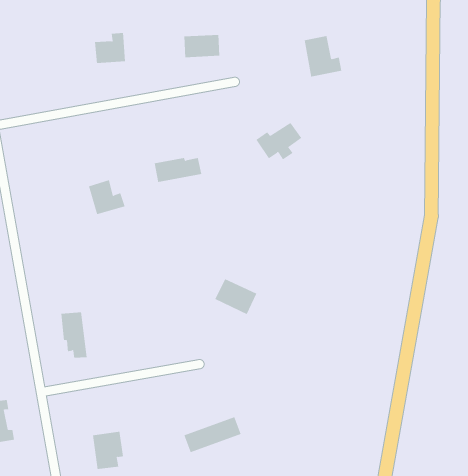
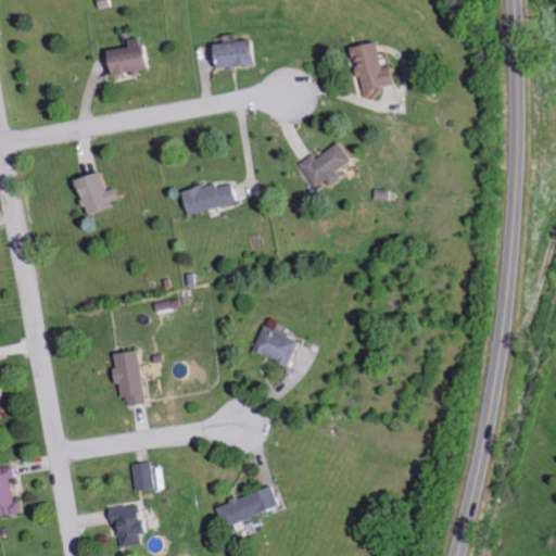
building: [88,179,125,215] -> [74,172,117,213]
building: [60,312,88,358] -> [111,351,142,405]
building: none -> [129,462,151,491]

